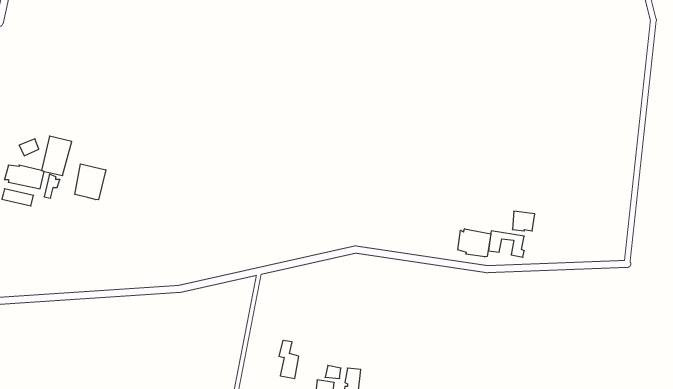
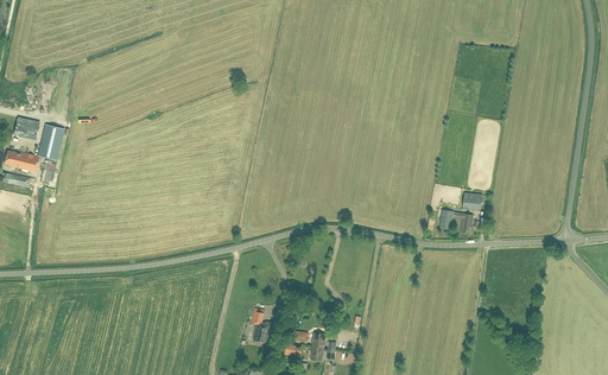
building: [75,164,106,200] -> none
building: [458,229,491,257] -> none

